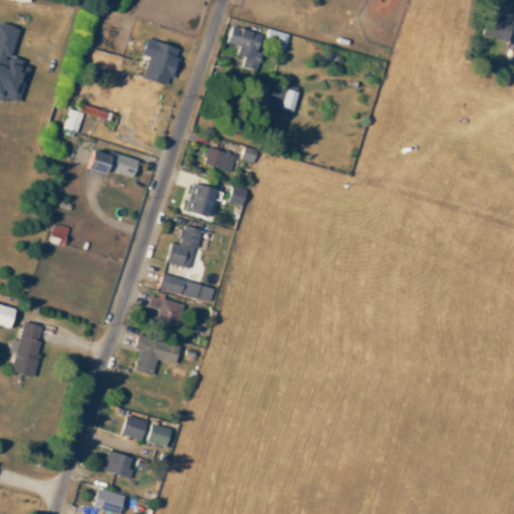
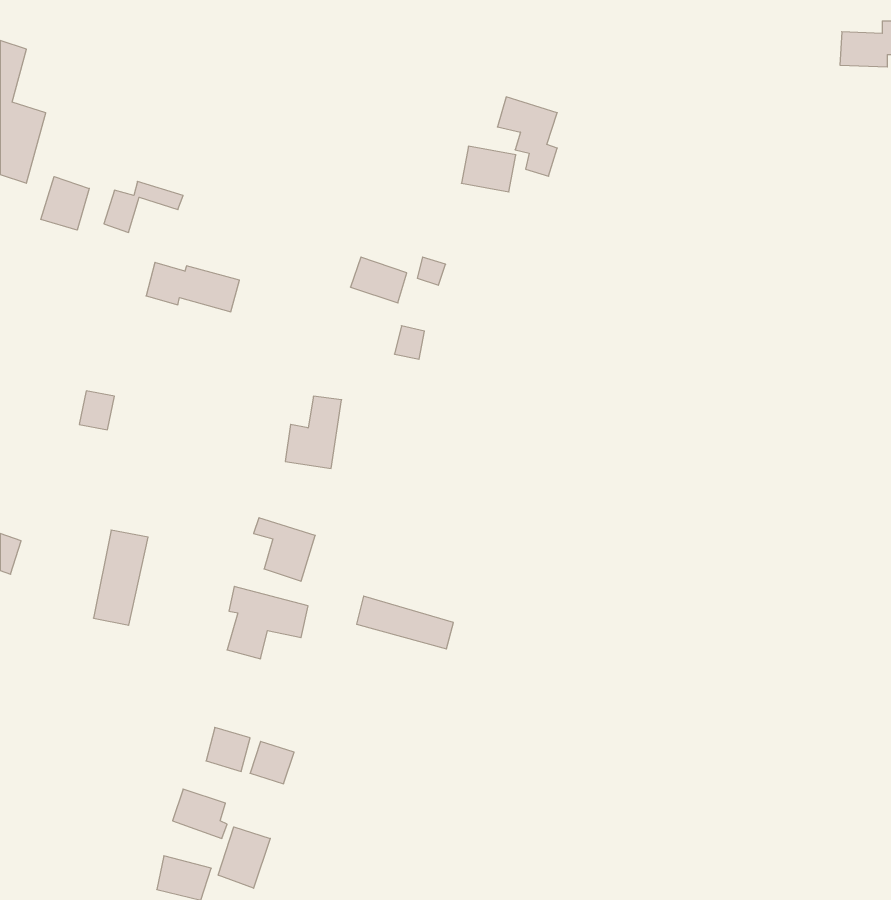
building: [229,25,263,70] -> [497,97,557,176]
building: [144,37,180,86] -> none
building: none -> [41,177,89,230]
building: [186,183,216,217] -> none
building: [160,273,215,303] -> [357,596,453,649]
building: [14,321,45,375] -> [93,530,148,625]
building: none -> [218,827,270,888]

